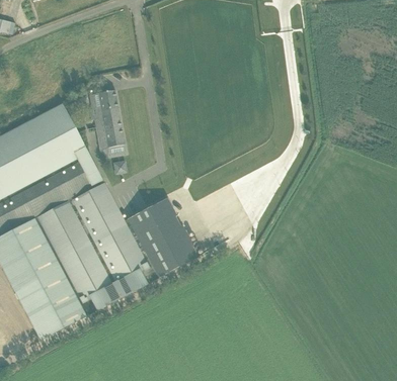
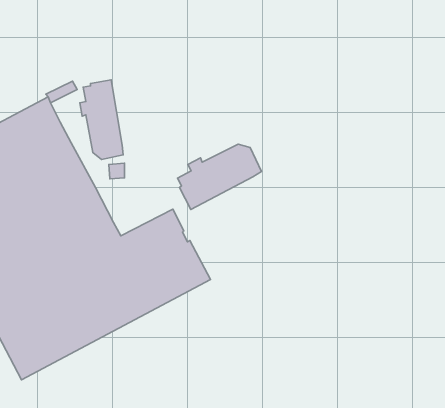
building: none -> [177,144,262,210]

